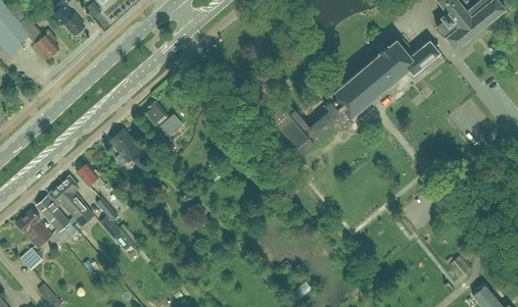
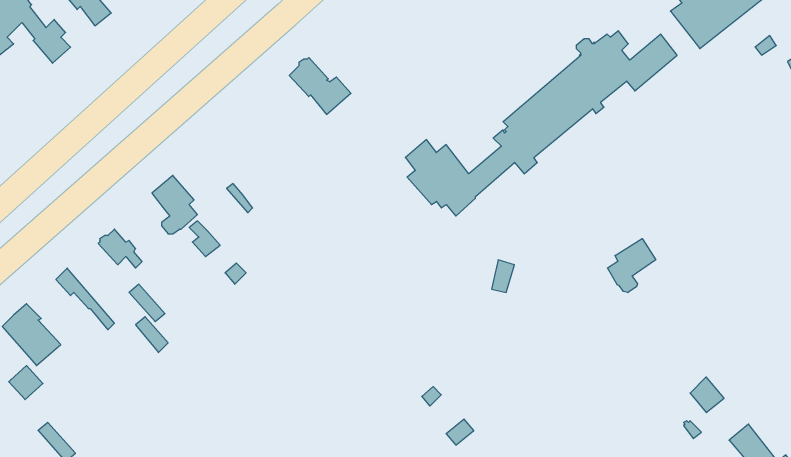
building: [144,101,183,137] -> [289,58,351,114]
building: none -> [607,239,656,293]
building: [57,176,95,221] -> none
building: [37,196,77,242] -> none

